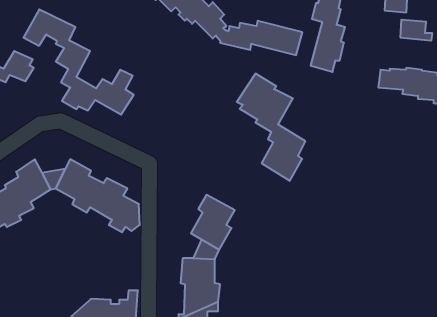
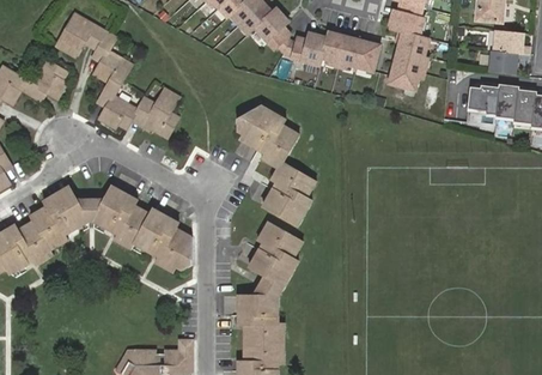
building: none -> [487,48,516,72]
building: [237,74,305,181] -> [238,109,317,232]

